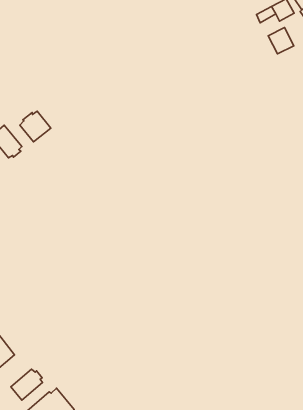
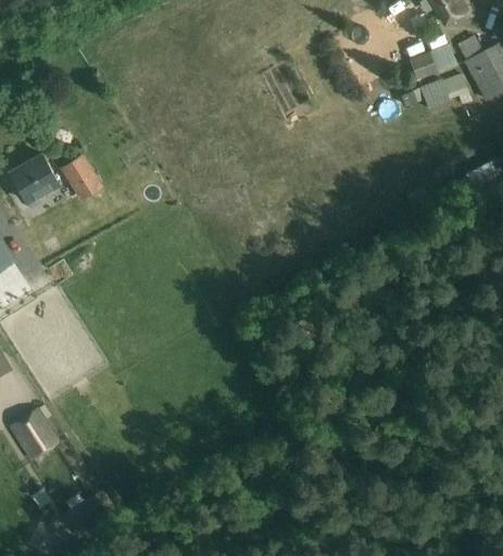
building: [20,111,51,142] -> none
building: [11,369,43,400] -> none

